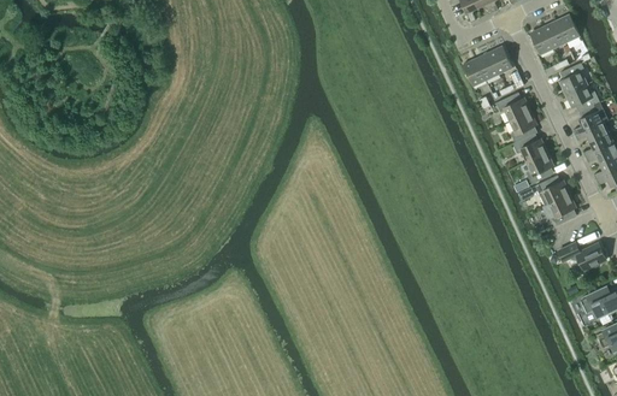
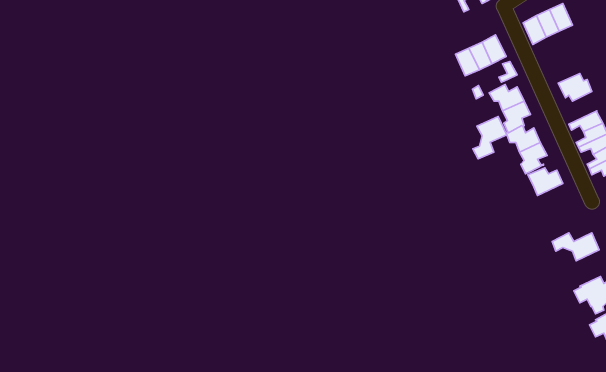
building: [559,61,587,93] -> none
building: [574,101,607,134] -> none
building: none -> [473,117,507,159]
building: [542,193,576,225] -> none

